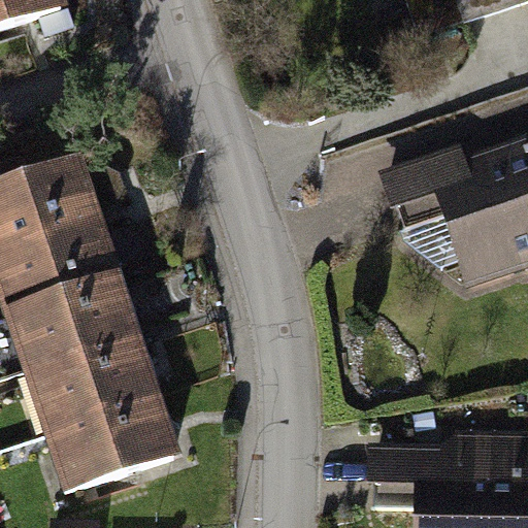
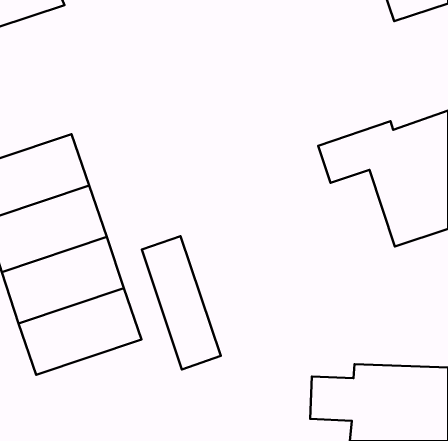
building: none -> [142,236,221,369]
building: [42,396,185,497] -> none

